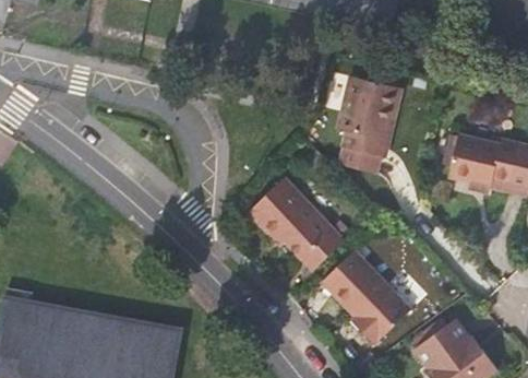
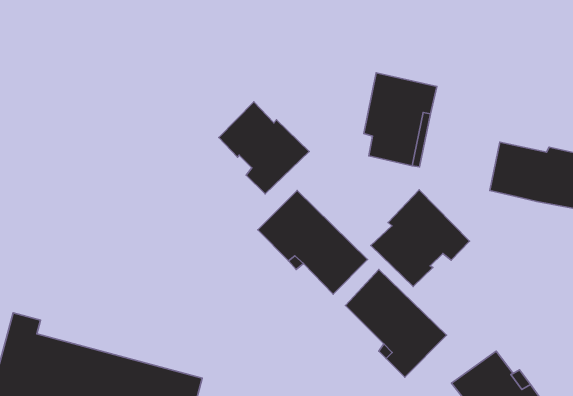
building: none -> [219,102,309,194]
building: none -> [371,190,469,286]

